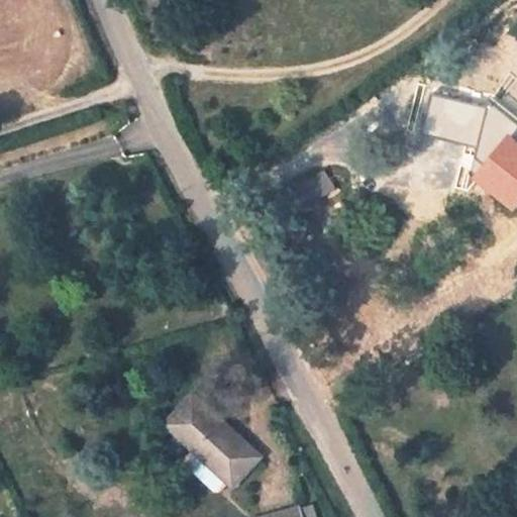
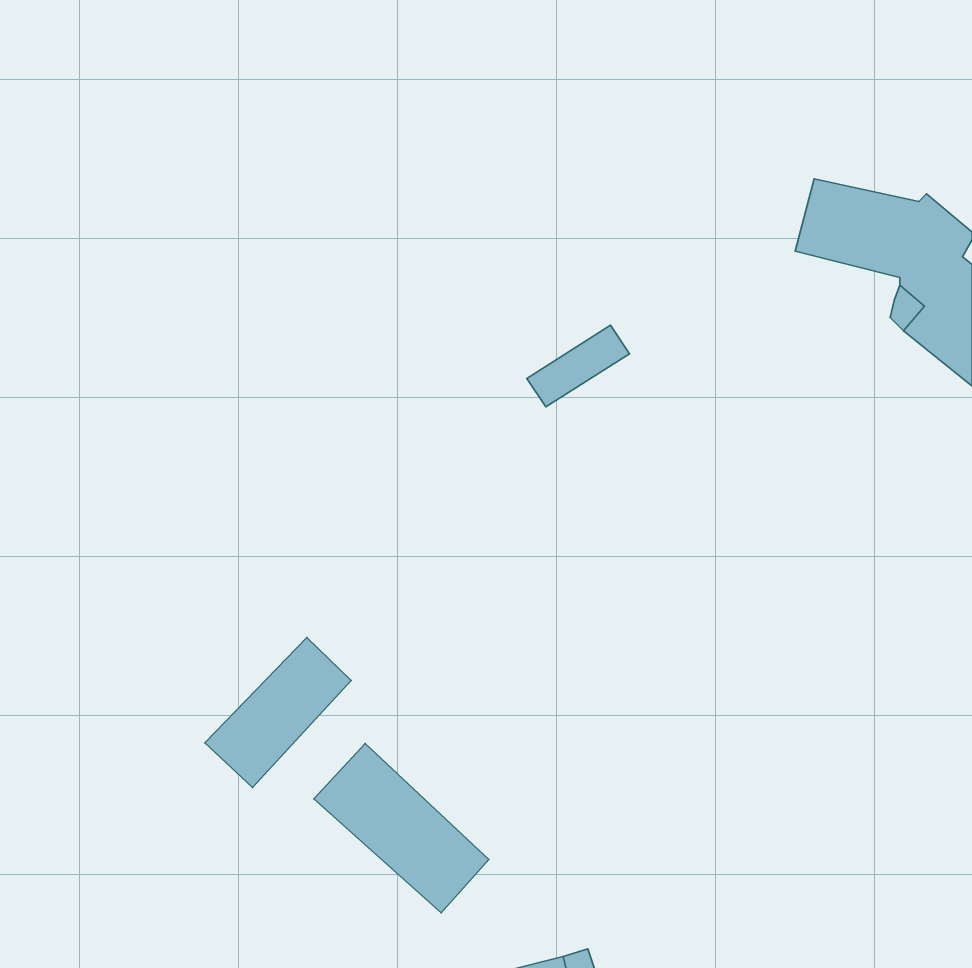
building: none -> [205,637,351,787]

